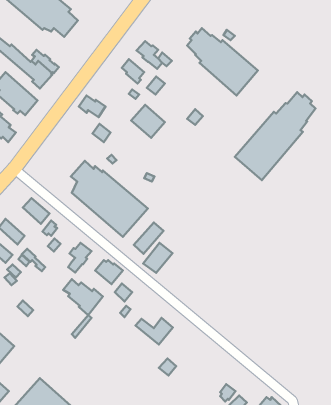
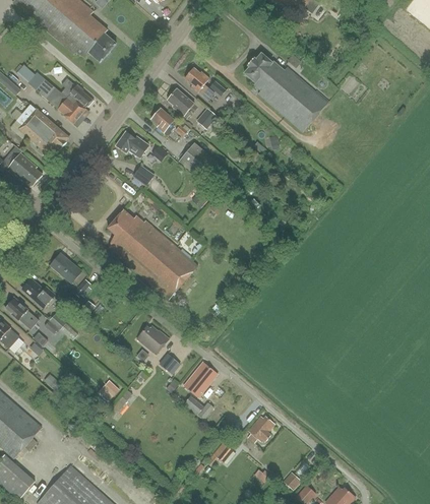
building: none -> [150,108,178,135]
building: [235,92,315,180] -> none
building: [134,223,164,254] -> none
building: [68,243,92,273] -> none
building: [143,243,172,273] -> [183,361,218,396]
building: [63,279,103,315] -> none
building: none -> [248,416,274,441]

